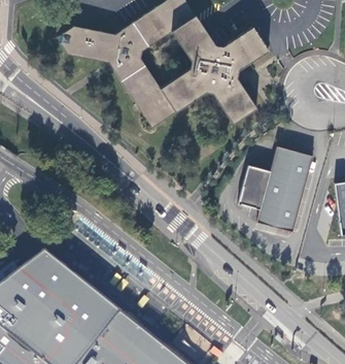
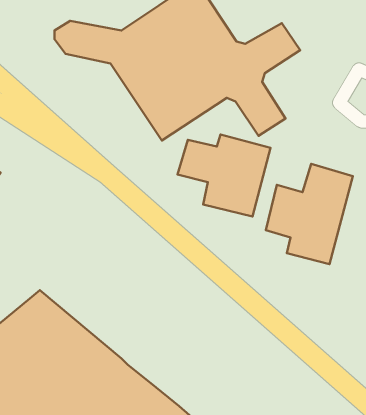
building: none -> [177,135,270,217]

